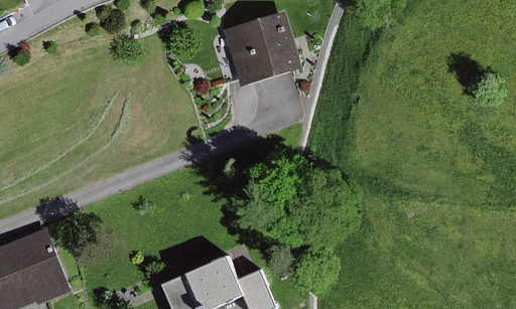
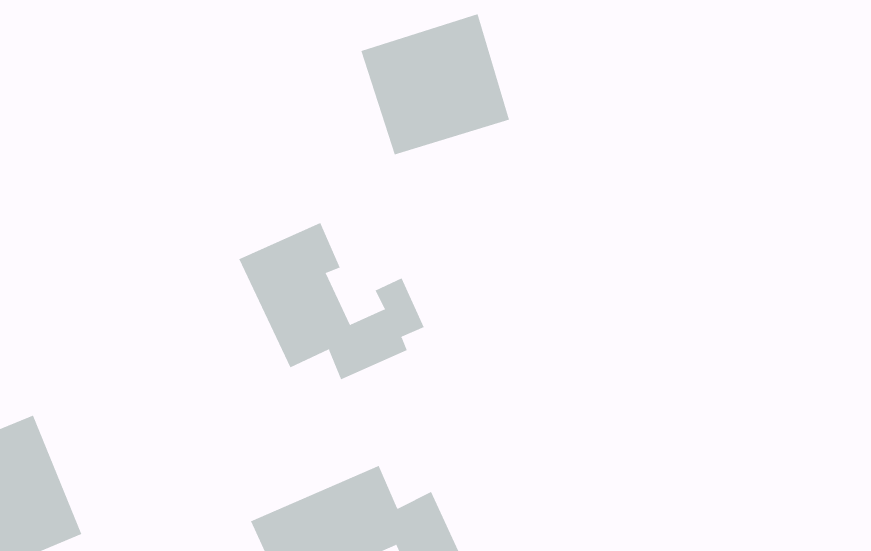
building: none -> [239,222,424,380]

